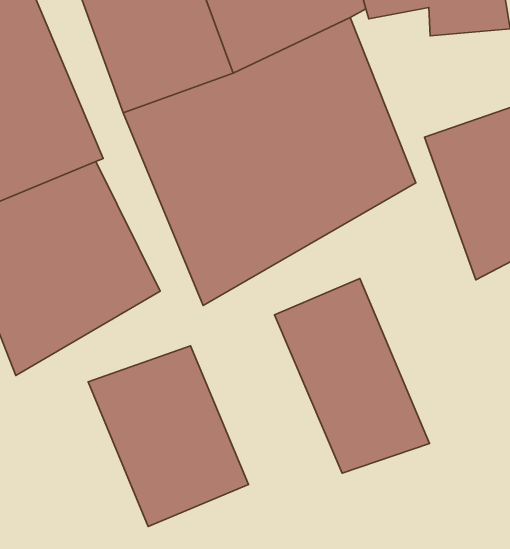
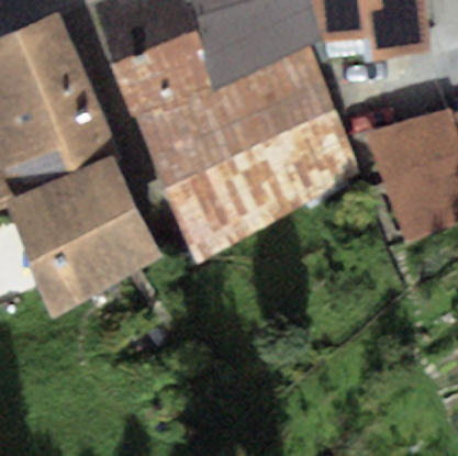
building: [275,278,430,473] -> none
building: [88,346,249,526] -> none

